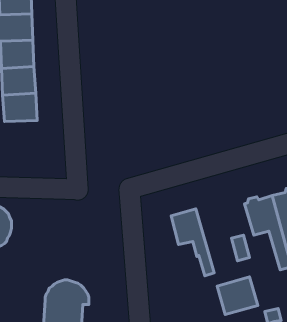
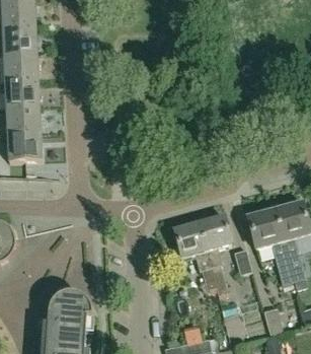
building: none -> [8,134,42,161]
building: none -> [199,215,232,294]

